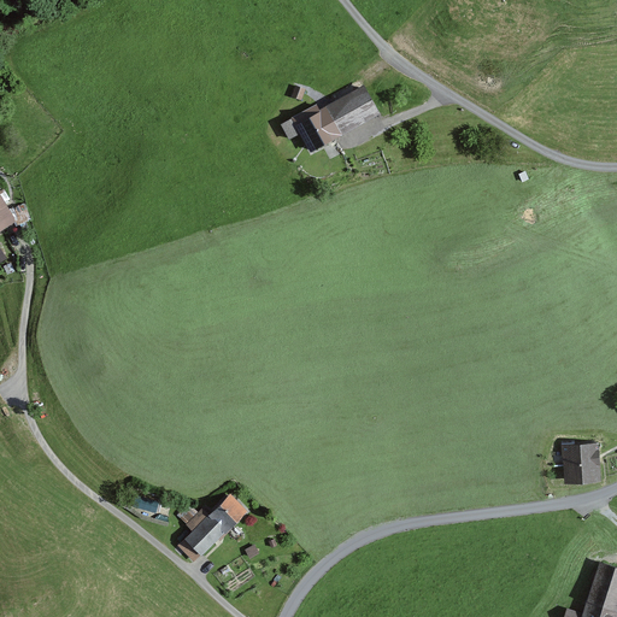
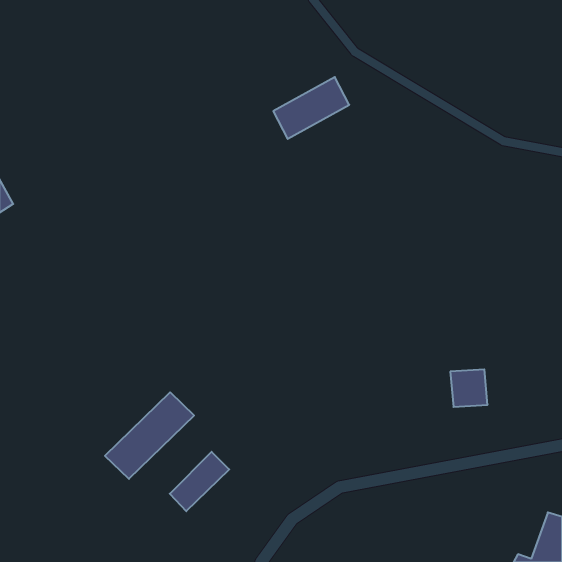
building: none -> [105,392,194,479]
building: [560,441,601,482] -> [450,369,488,407]

